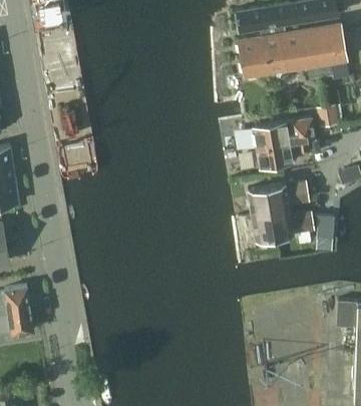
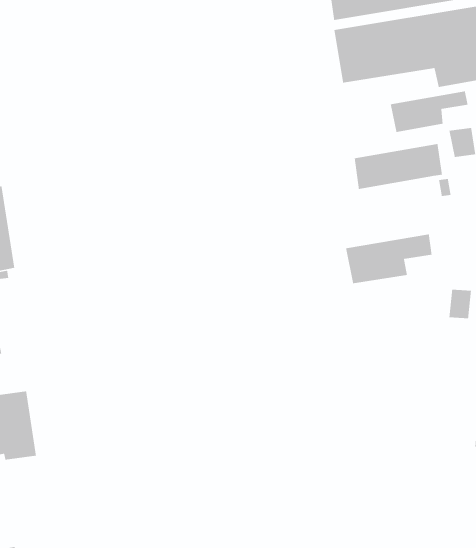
building: [255,140,309,169] -> [390,91,468,133]
building: [251,209,313,241] -> none

